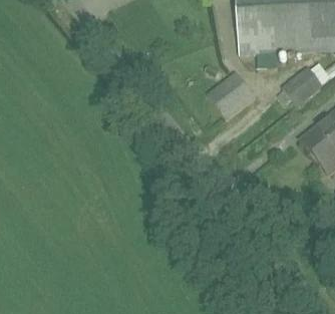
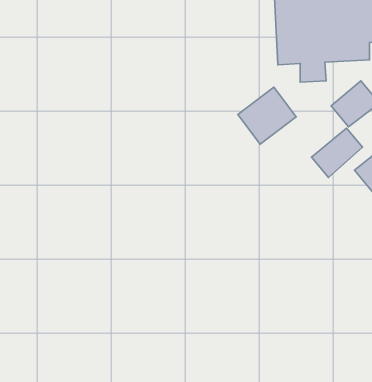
building: none -> [312,128,363,178]

